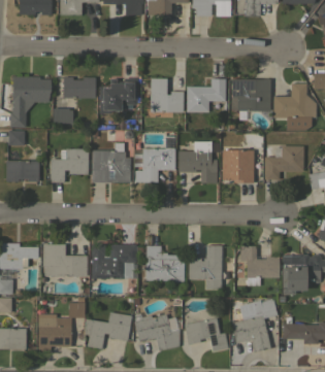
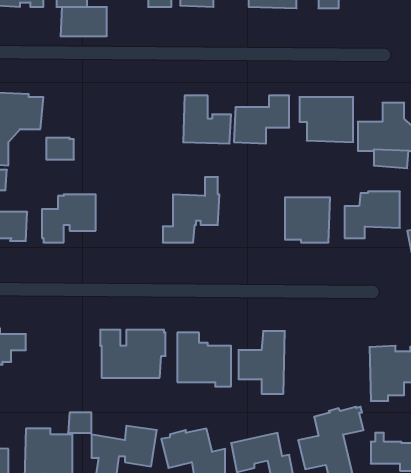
building: [62,77,95,98] -> [60,7,107,36]
building: [99,78,137,113] -> none
building: [177,141,217,183] -> none
building: [91,142,130,183] -> none
building: [42,244,87,276] -> none
building: [240,246,280,285] -> none

